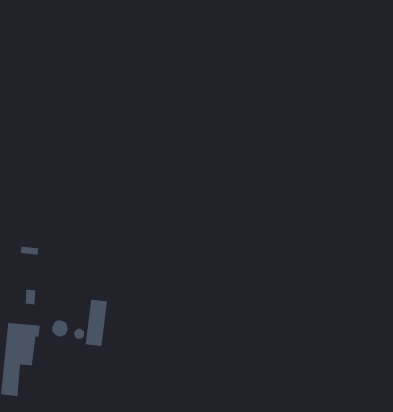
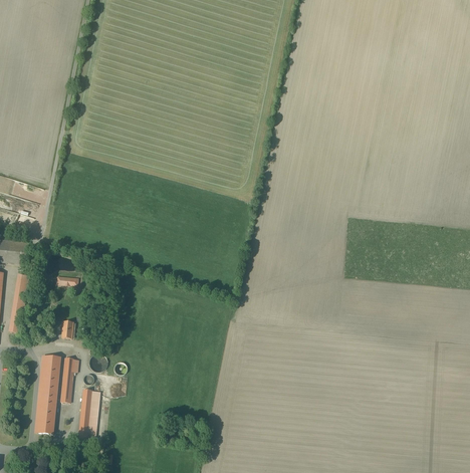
building: [85,299,108,347] -> [76,390,100,440]

